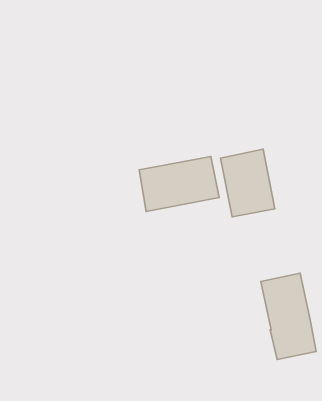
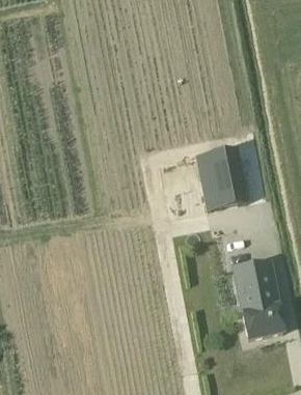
building: [139,156,219,211] -> none

